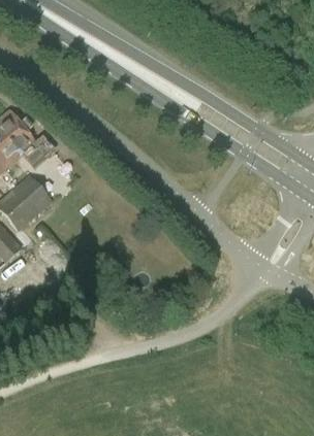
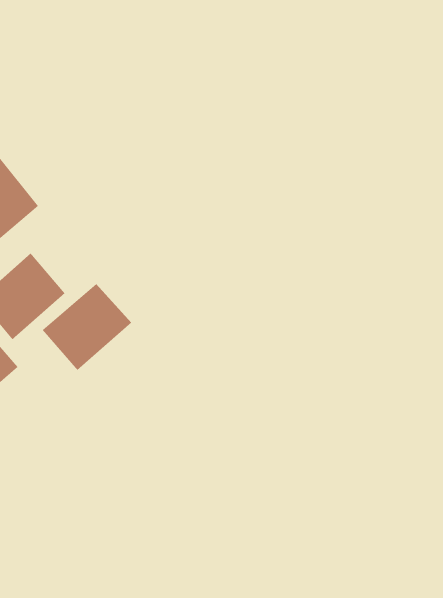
building: none -> [42,283,132,371]

